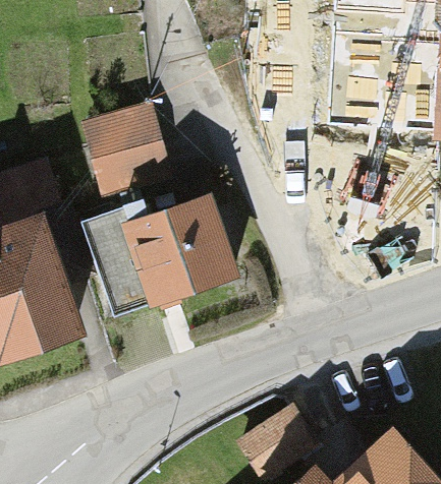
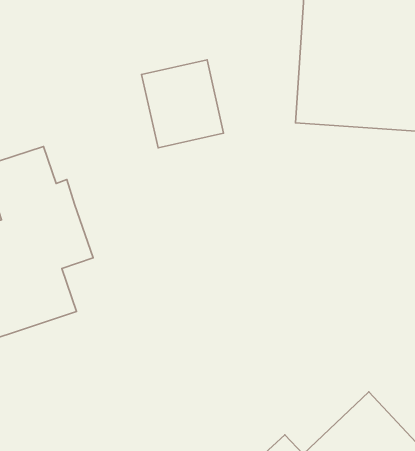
building: [80,111,166,202] -> [142,60,224,148]
building: [85,197,238,319] -> none

